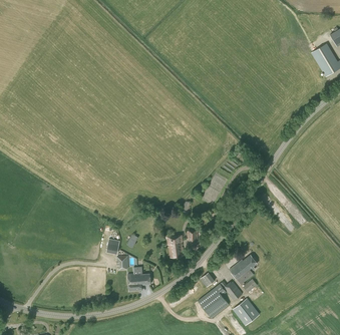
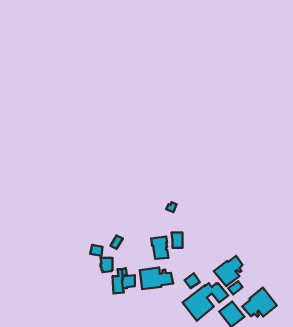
building: none -> [140,268,173,289]
building: none -> [242,288,277,317]

